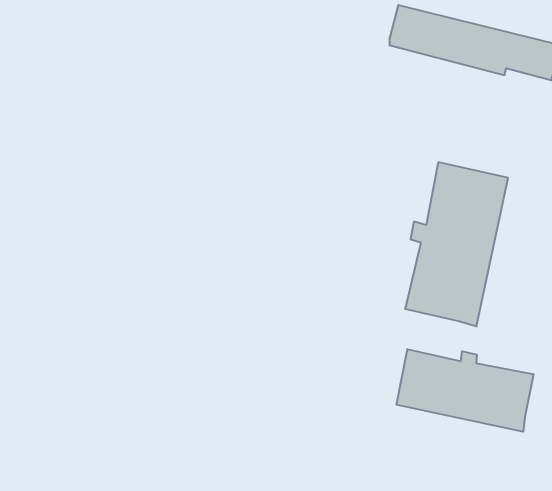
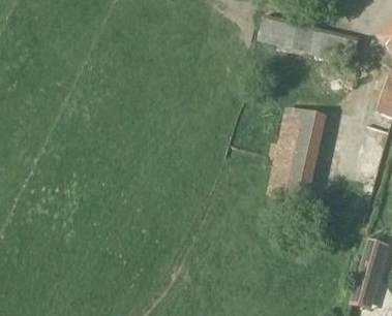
building: [396,349,533,432] -> none

